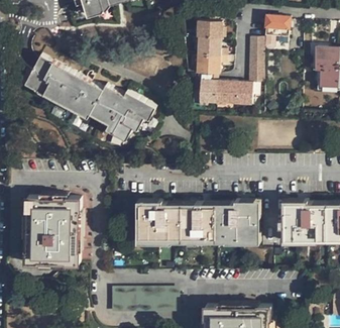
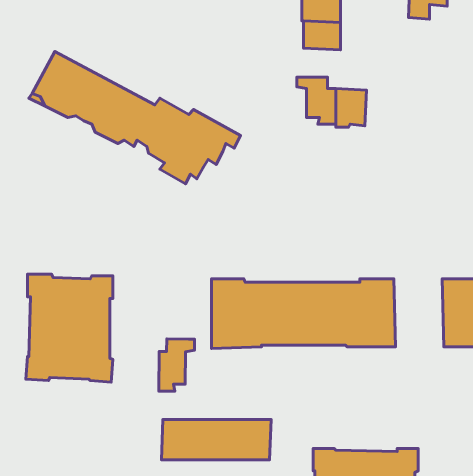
building: [237,37,263,105] -> none
building: [199,56,222,74] -> none
building: none -> [159,339,195,391]

